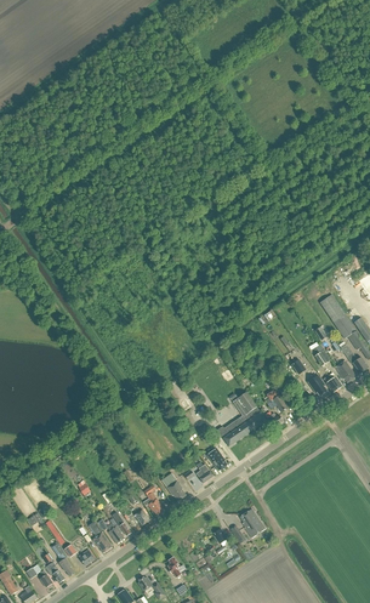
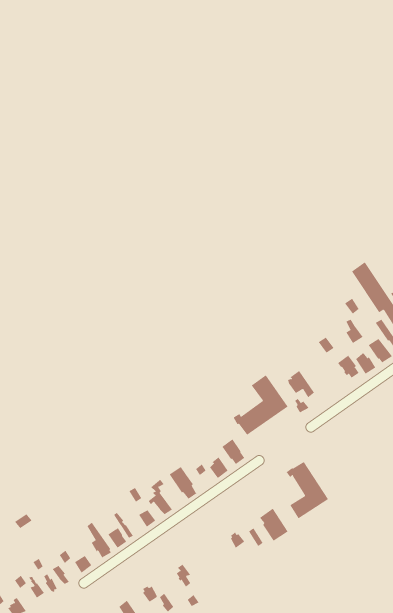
building: none -> [286,461,329,519]

